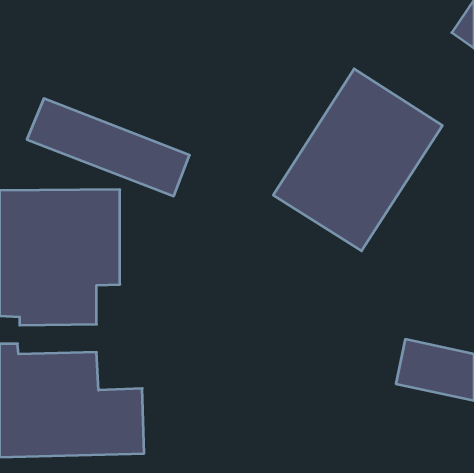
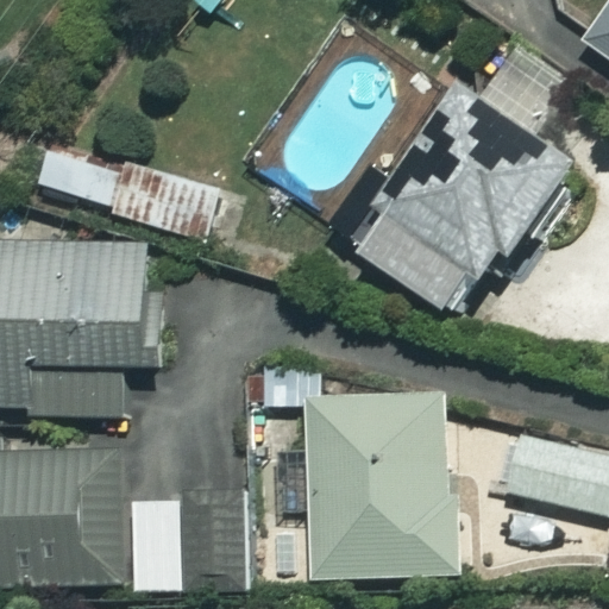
building: none -> [275,395,454,577]

